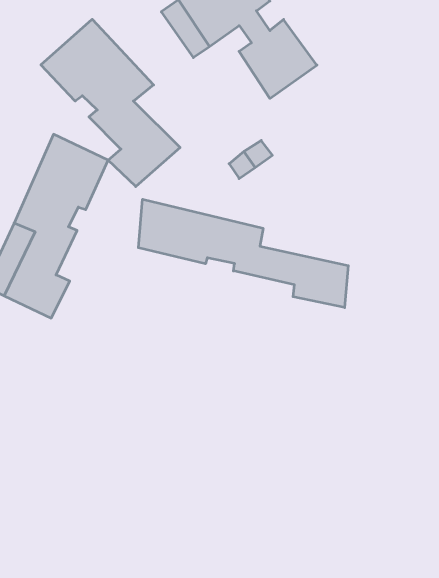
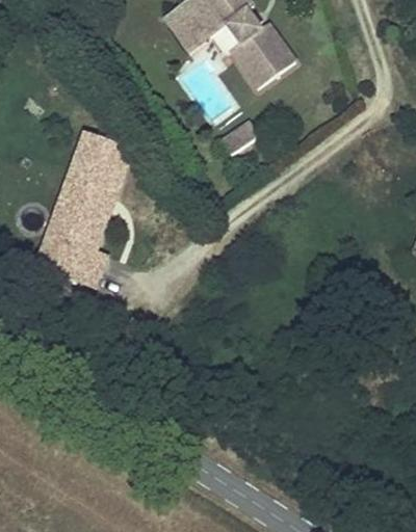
building: [41,19,180,187] -> none
building: [138,199,348,308] -> none

